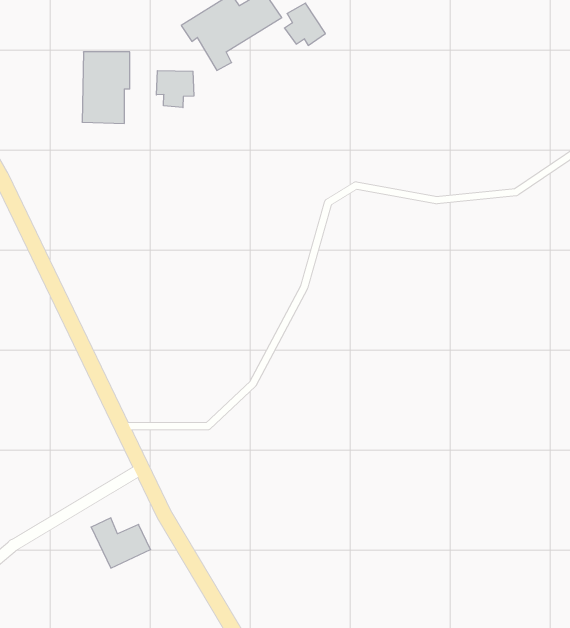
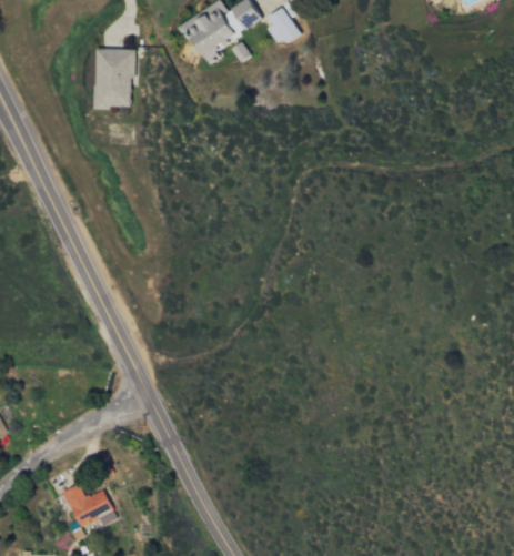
building: [156,71,194,108] -> none
building: [91,518,151,568] -> [63,484,113,526]

